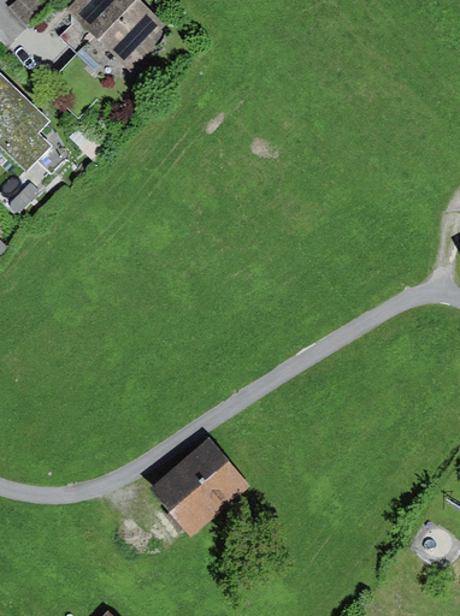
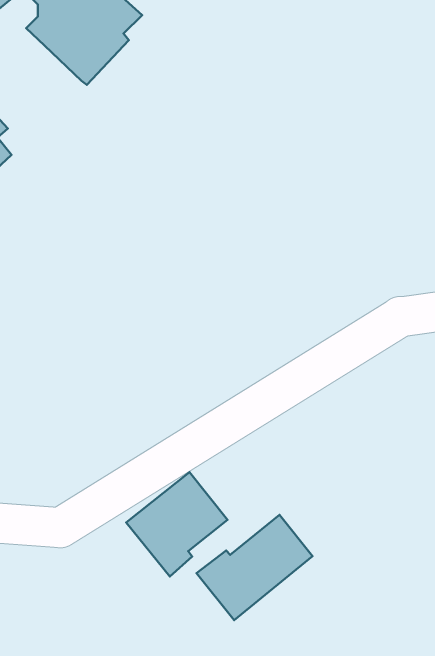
building: none -> [196,515,313,620]

